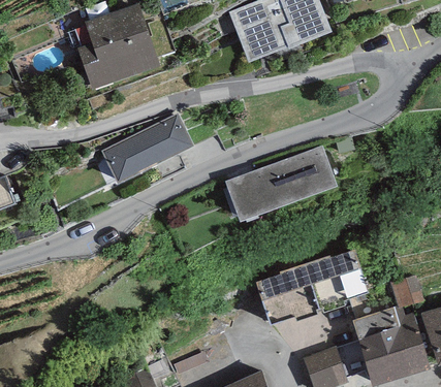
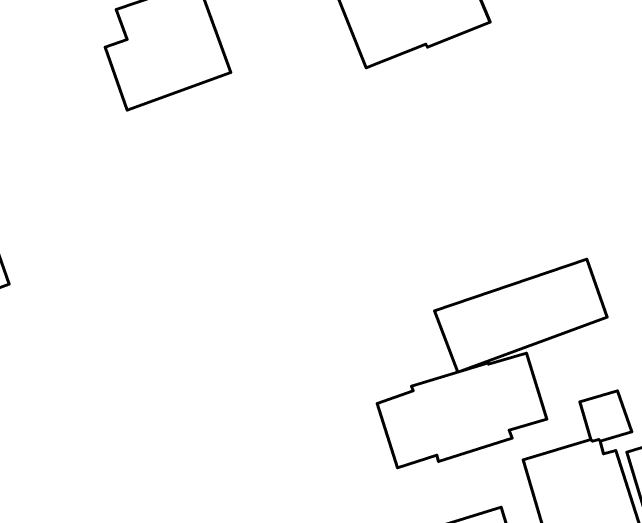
building: [101,112,193,183] -> none
building: [224,147,338,221] -> [434,259,607,372]

